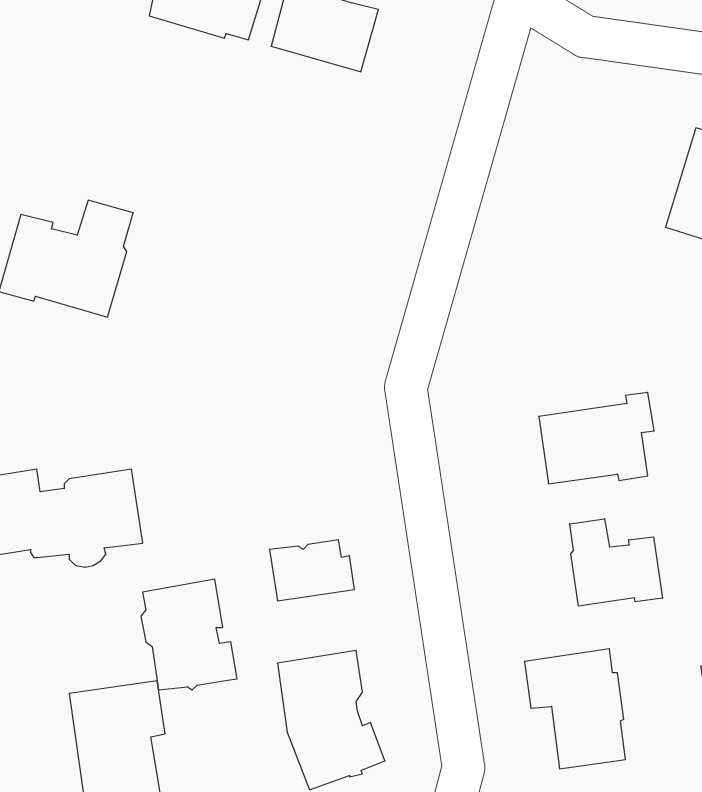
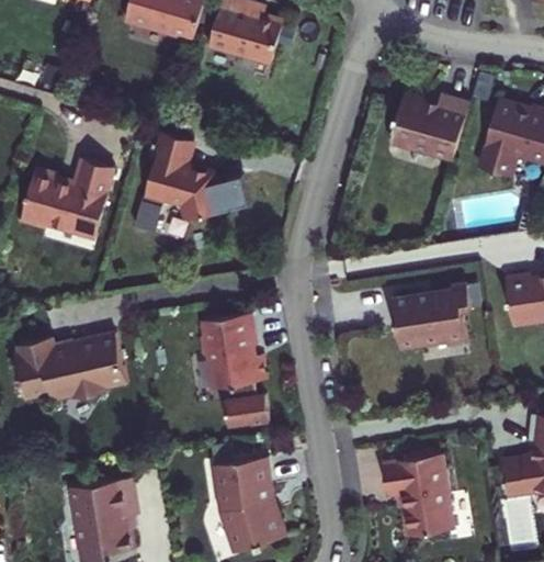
building: none -> [390,93,469,160]
building: none -> [141,133,234,229]
building: [570,519,663,606] -> none
building: [141,579,237,690] -> [195,313,261,389]

